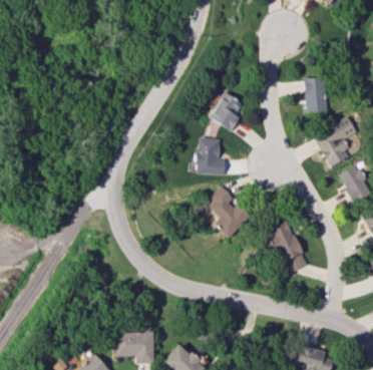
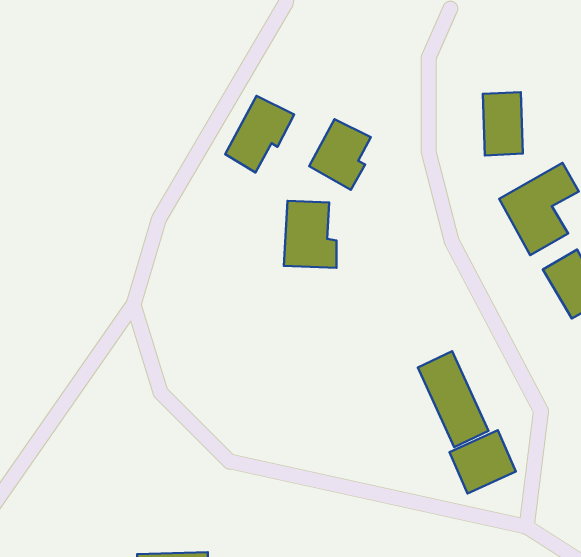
building: none -> [225,96,294,172]
building: [205,186,250,237] -> none
building: none -> [449,430,516,493]

